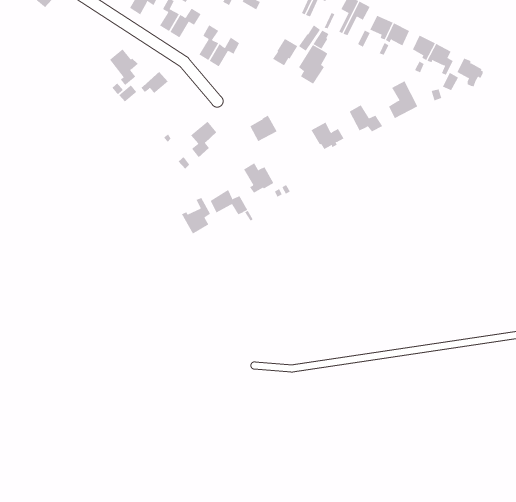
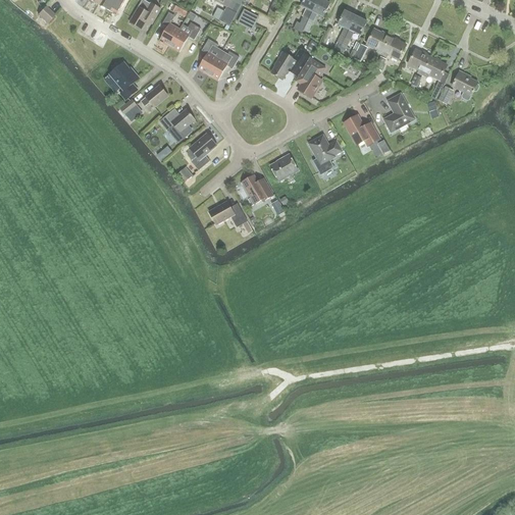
building: none -> [158,107,194,136]
building: [249,115,277,142] -> [269,152,297,178]
building: [181,197,211,234] -> none

